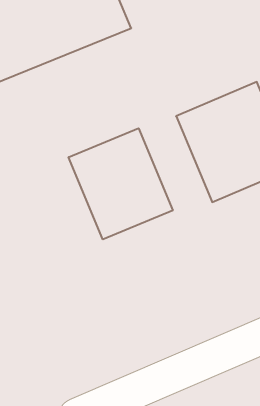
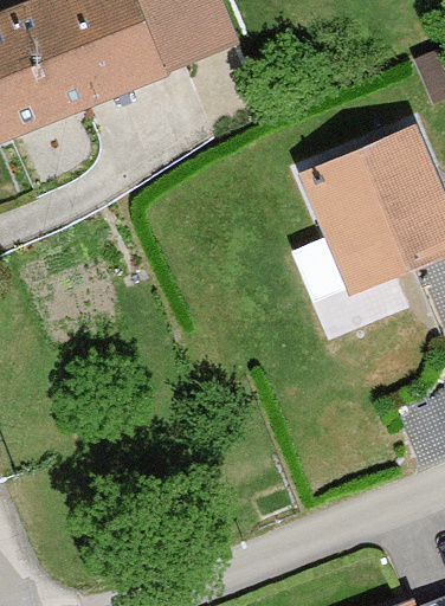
building: [69,128,173,239] -> none

